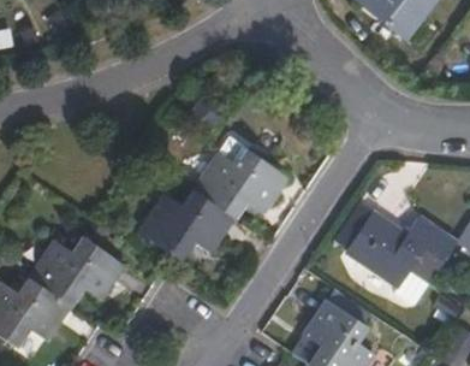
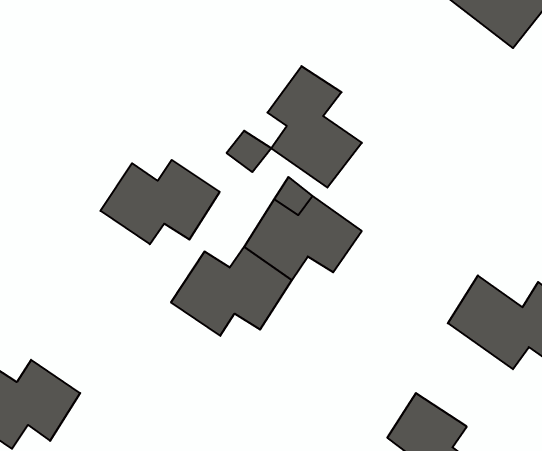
building: none -> [267,66,362,188]
building: [37,236,127,300] -> [100,160,220,244]

